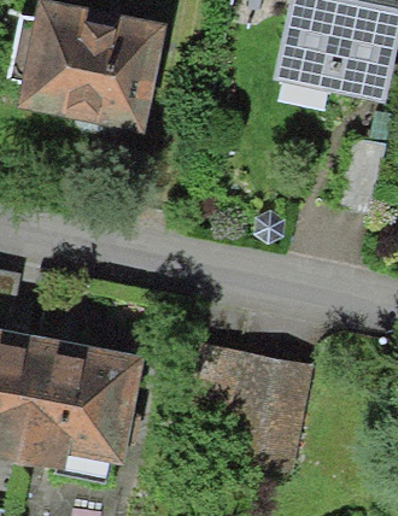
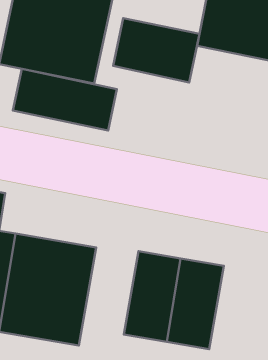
building: none -> [113,18,199,82]
building: none -> [13,69,117,130]

